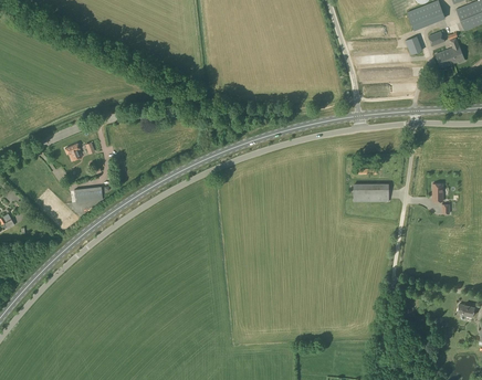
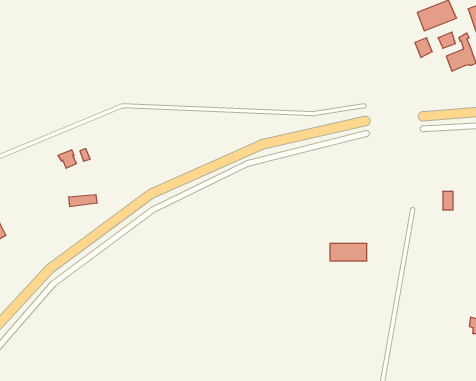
building: [354,184,389,201] -> [330,244,367,261]

